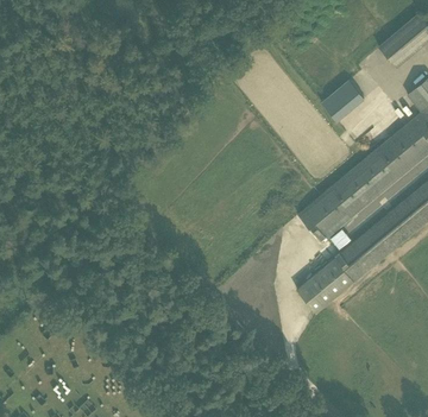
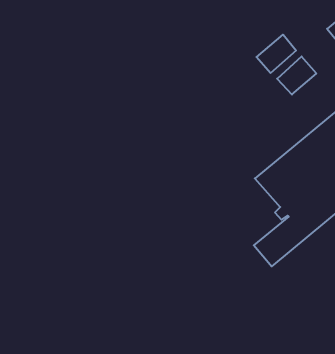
building: none -> [256,35,296,73]

